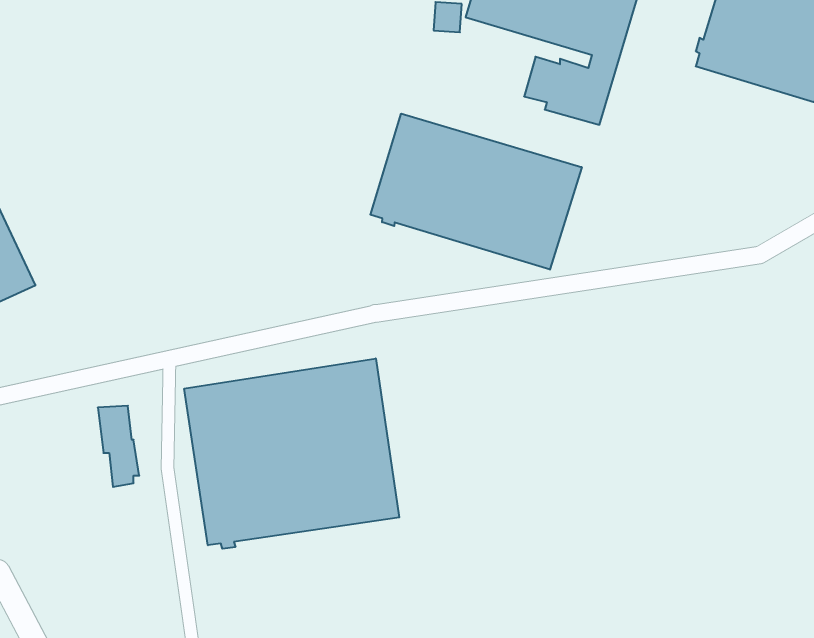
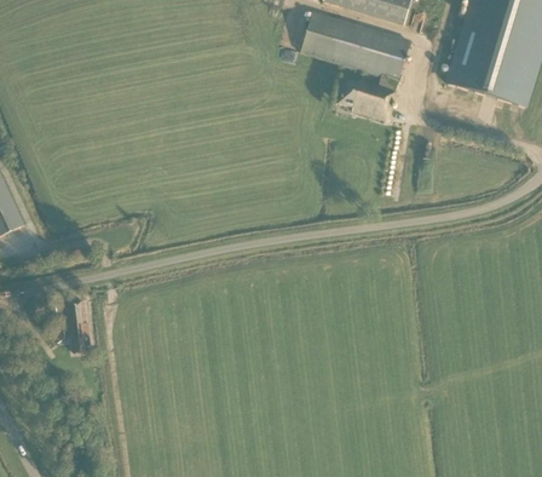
building: [370,114,582,270] -> none
building: [184,358,399,549] -> none

